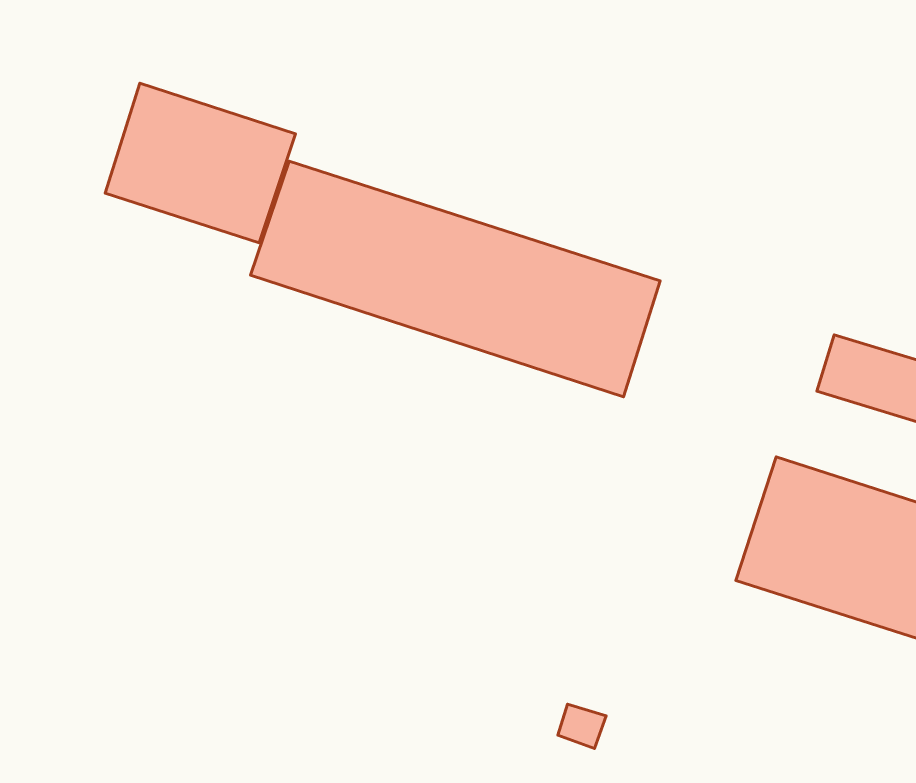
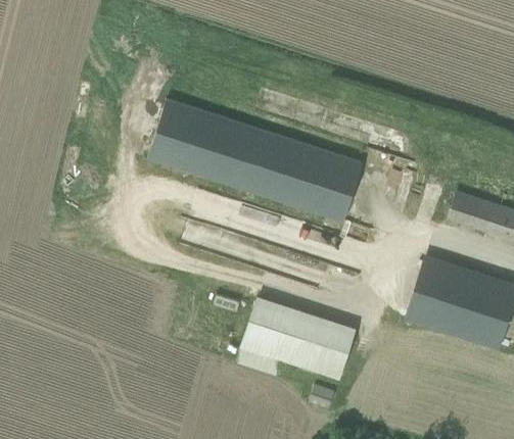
building: [105,83,295,243] -> none
building: none -> [241,296,357,382]

